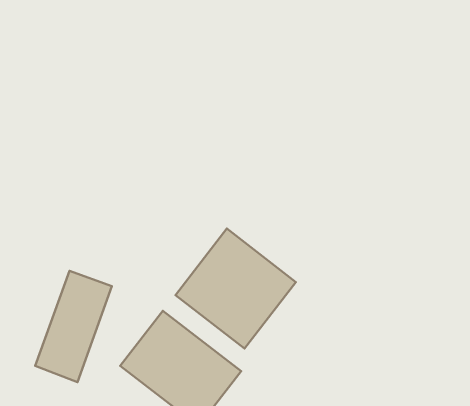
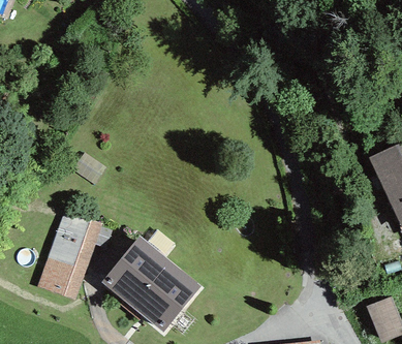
building: [175,229,296,349] -> none

